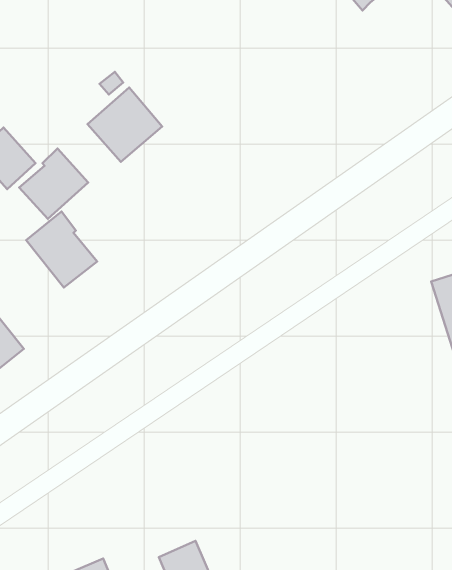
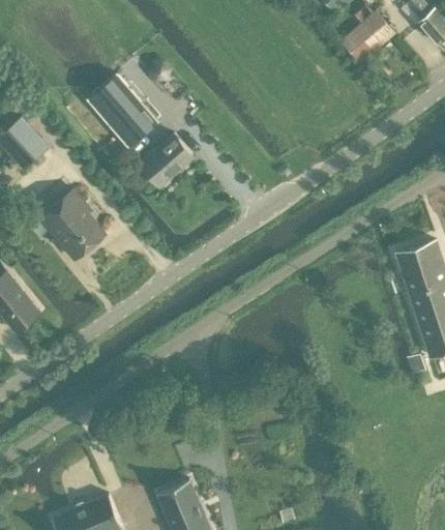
building: none -> [342,10,394,62]
building: none -> [139,132,195,186]
building: [19,148,88,219] -> none

